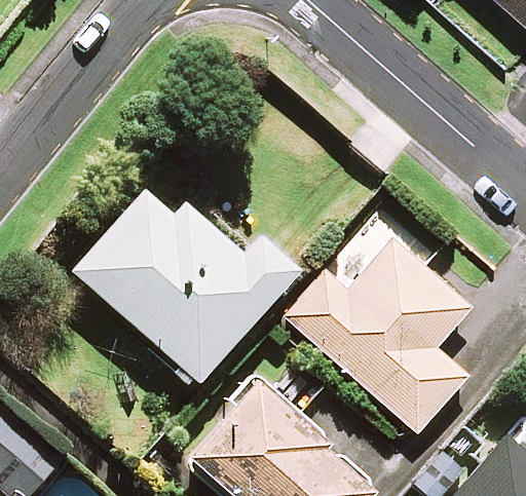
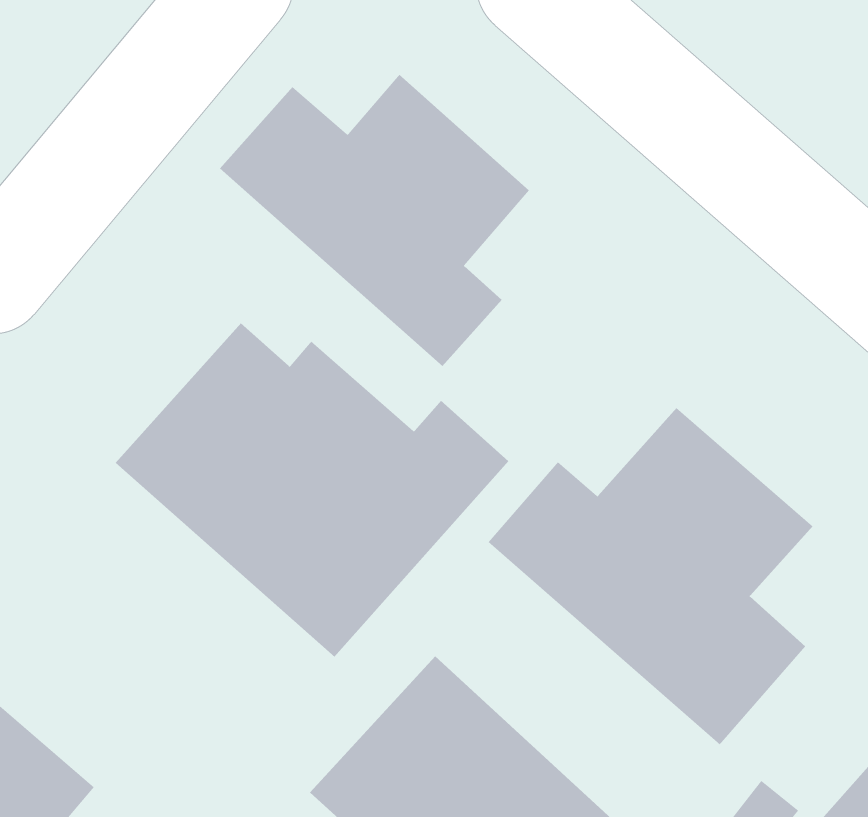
building: none -> [219,74,530,367]

